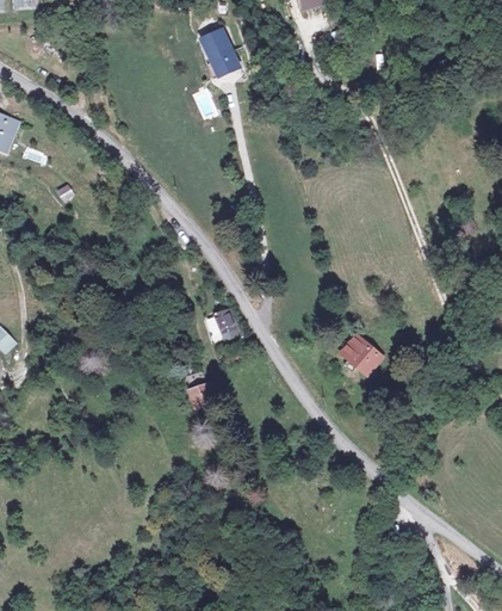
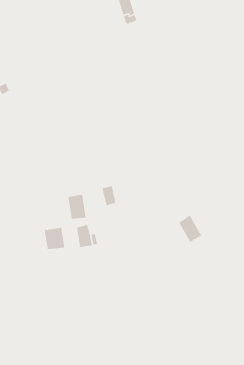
building: none -> [67,194,87,220]
building: none -> [44,227,65,250]

